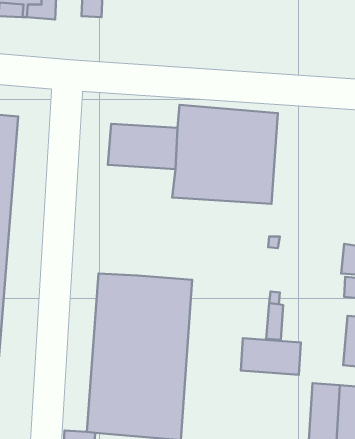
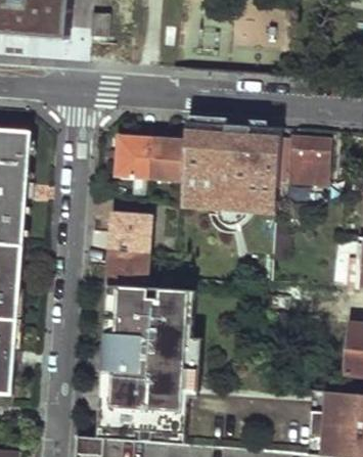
building: none -> [278,139,327,183]
building: none -> [107,218,150,287]
building: [241,338,301,375] -> none

